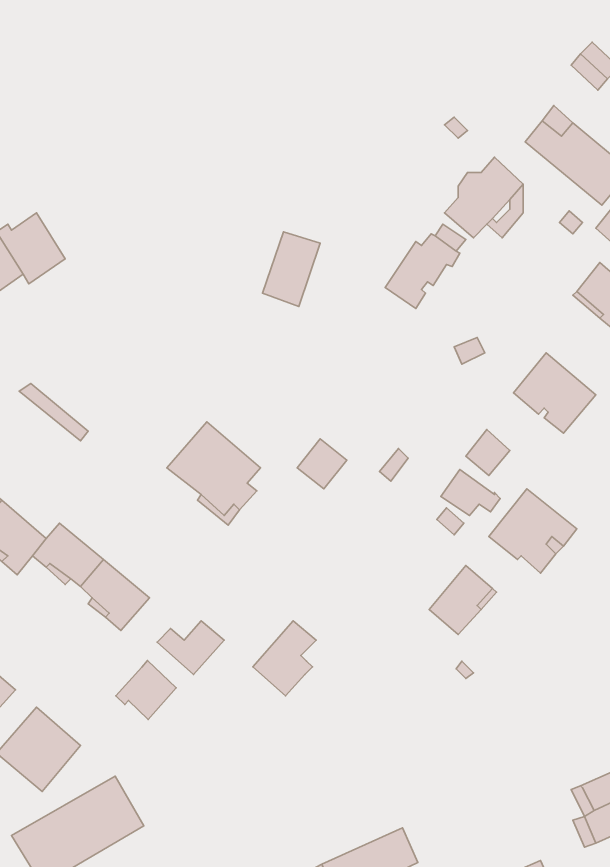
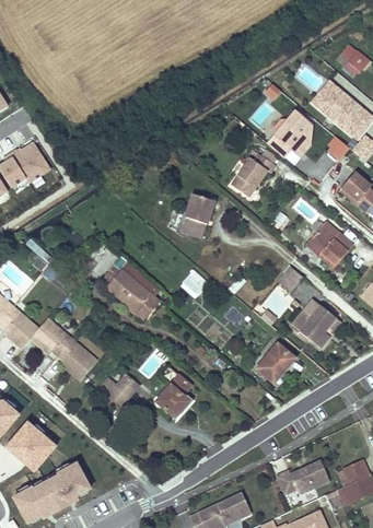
building: [263,232,320,307] -> [180,193,213,236]
building: [116,660,176,719] -> none
building: none -> [275,459,329,494]

